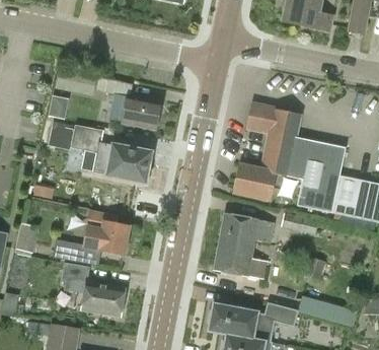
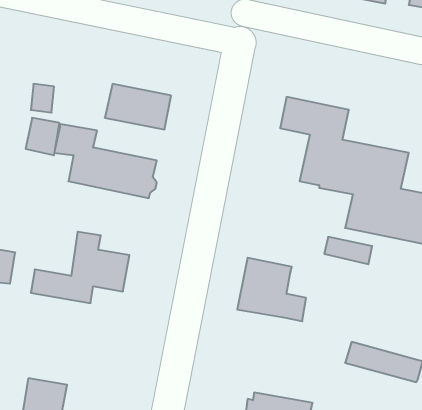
building: [232,164,277,200] -> none
building: [221,213,275,243] -> none
building: [62,263,125,316] -> none
building: [206,303,297,343] -> none

